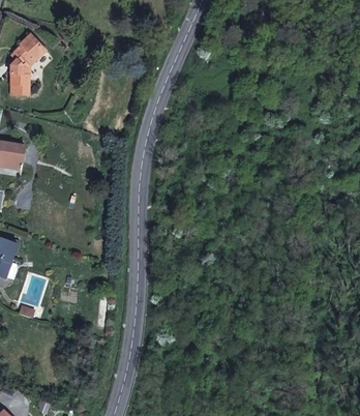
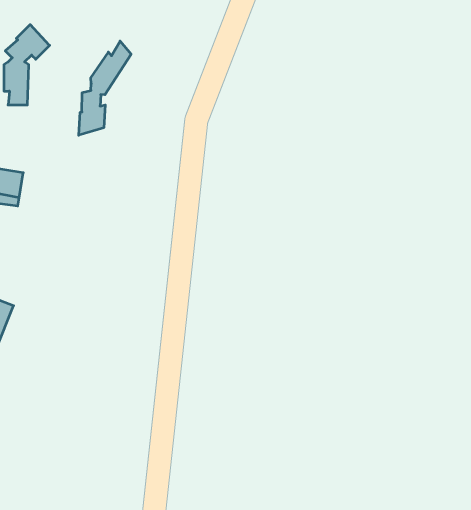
building: none -> [79,41,131,135]

